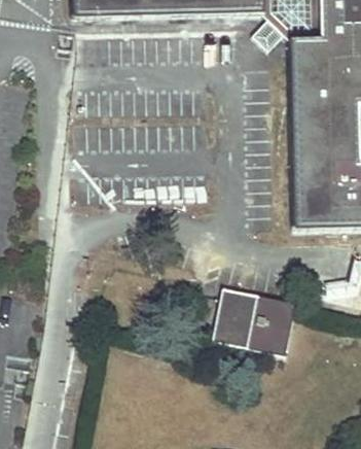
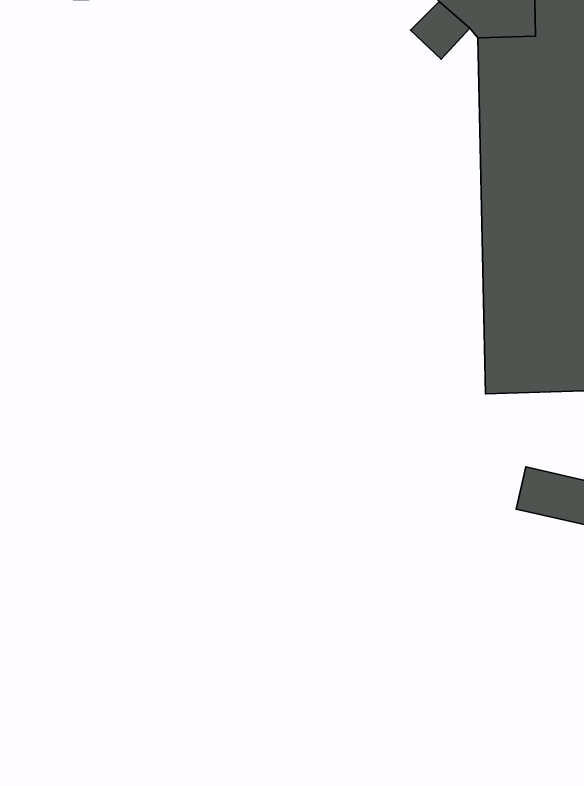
building: [215,283,297,350] -> none

